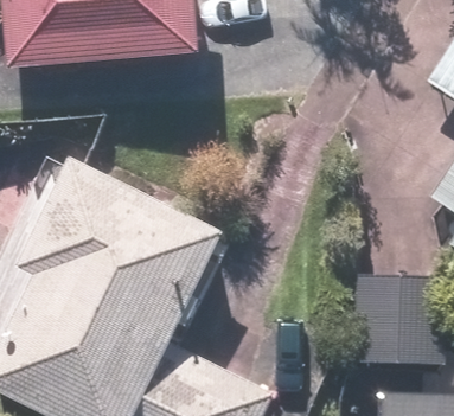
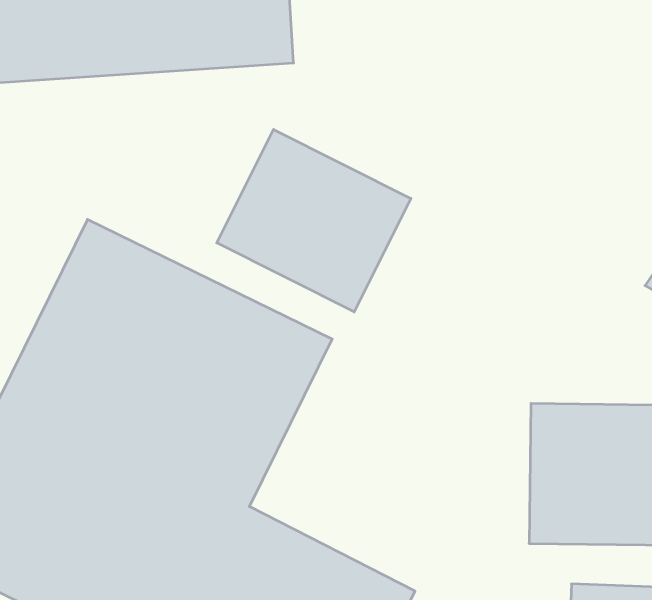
building: none -> [217,129,411,312]

